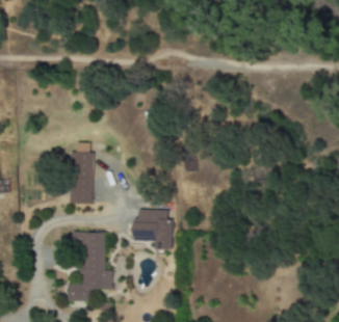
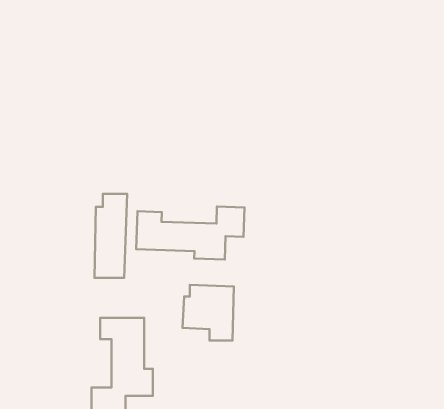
building: none -> [136,206,244,259]

